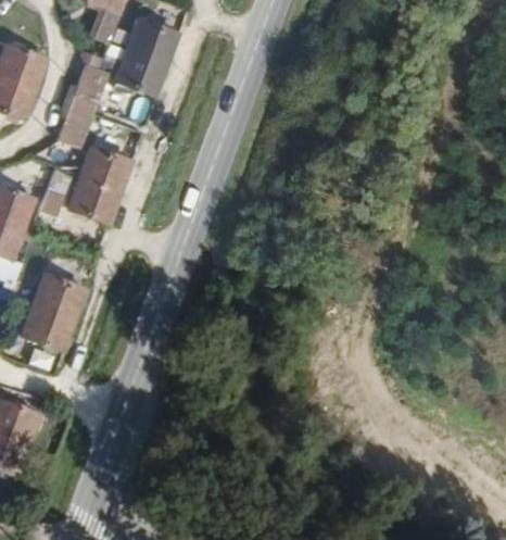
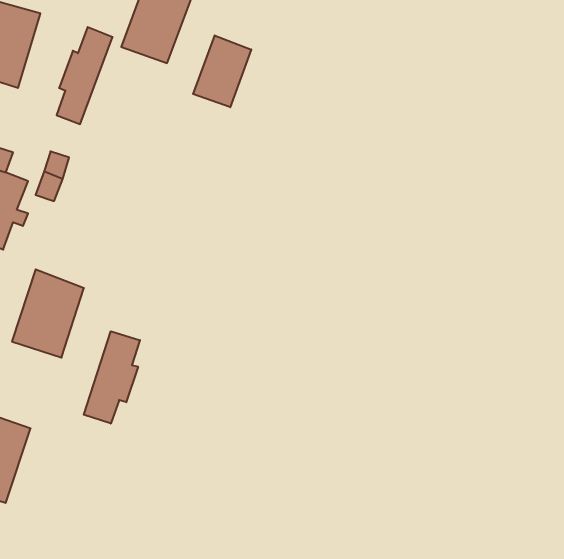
building: none -> [193,35,251,107]
building: [68,147,131,222] -> none
building: none -> [84,331,140,424]

